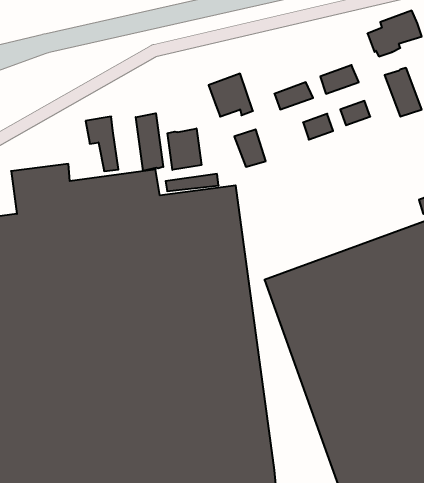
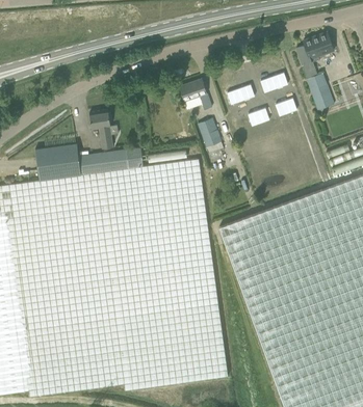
building: [136,113,163,171] -> none
building: [167,128,201,170] -> none

